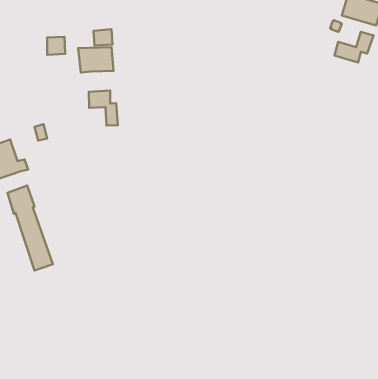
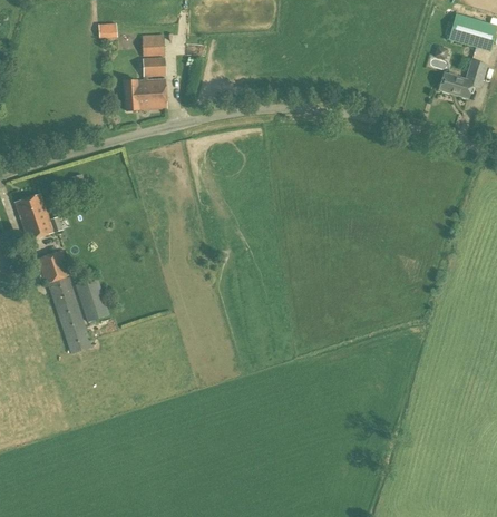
building: [47,37,65,55] -> [143,35,165,57]
building: [89,91,118,125] -> none
building: none -> [75,277,109,322]

